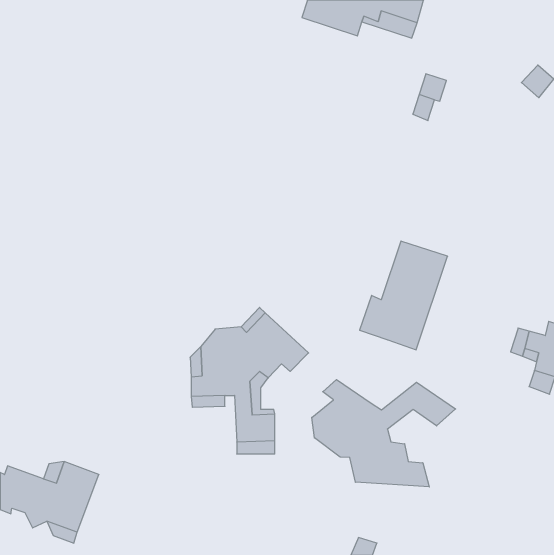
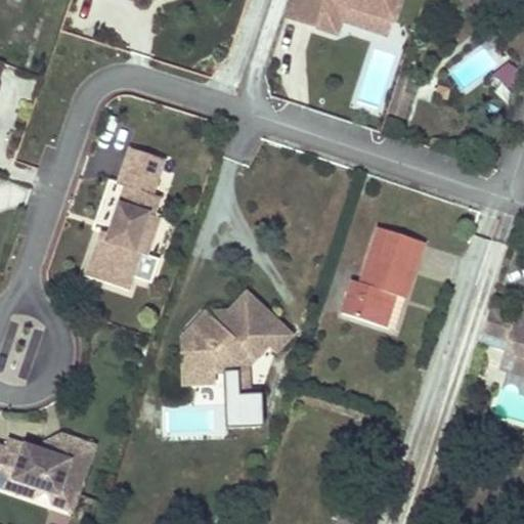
building: none -> [86,145,166,288]
building: [312,380,456,487] -> none

